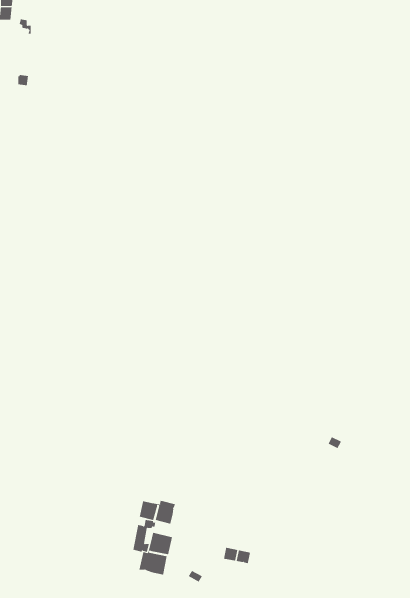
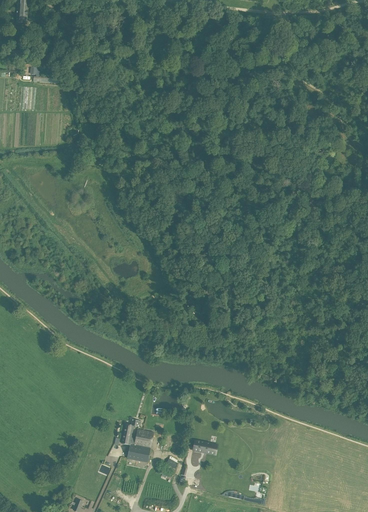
building: [139,500,176,524] -> none

